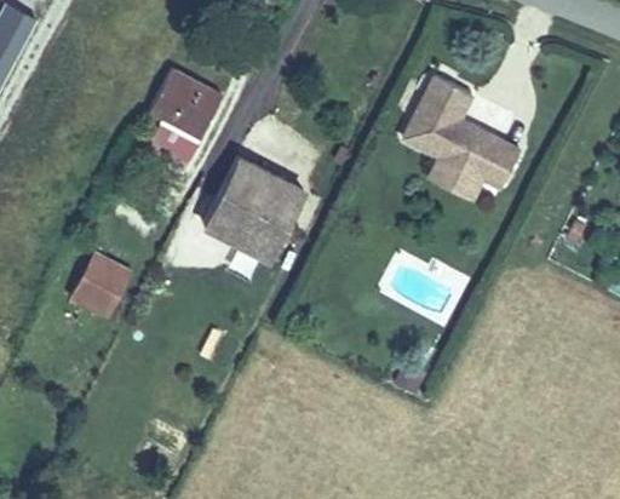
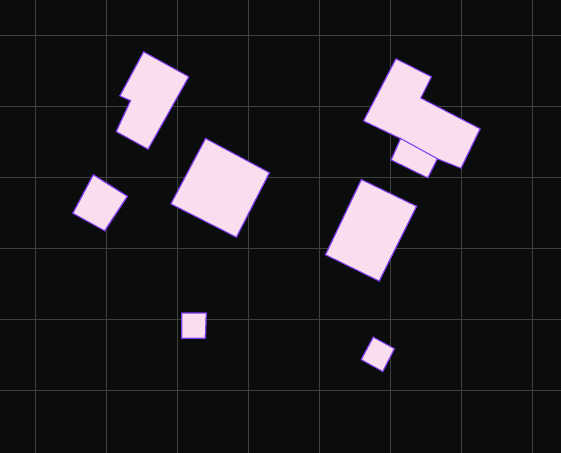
building: none -> [326,179,417,281]
building: [80,252,136,309] -> [73,175,128,231]

